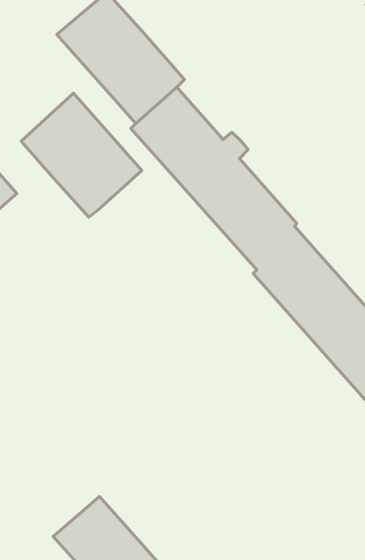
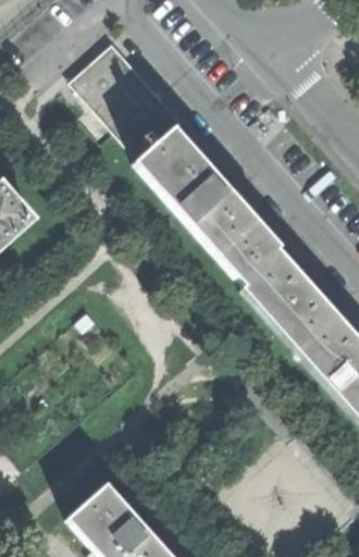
building: [21,93,142,217] -> none

